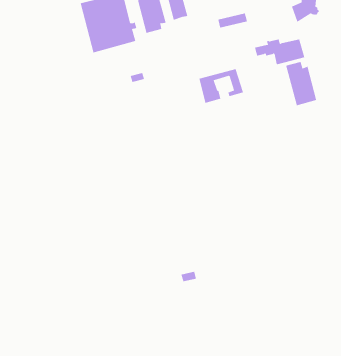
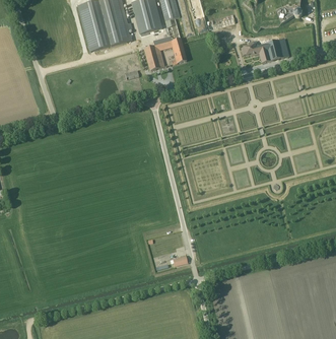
building: [286,61,317,106] -> none
building: [198,69,244,103] -> [144,39,187,71]

